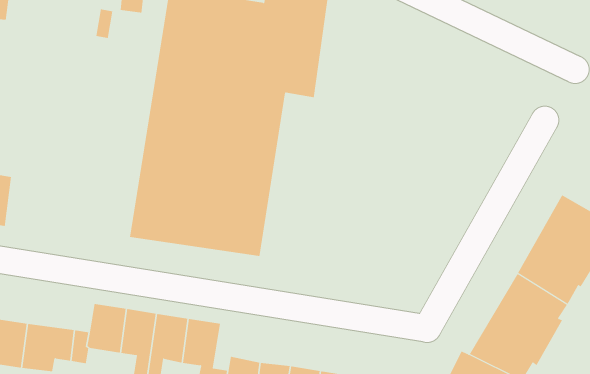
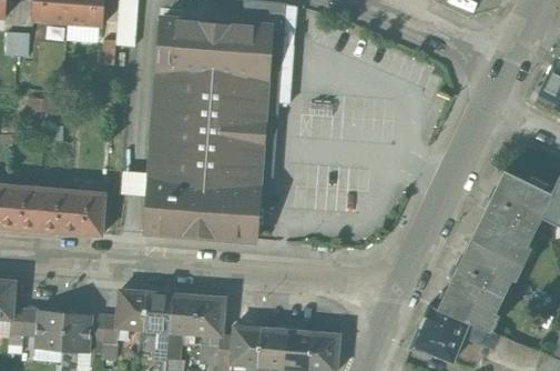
building: none -> [39,189,104,237]

